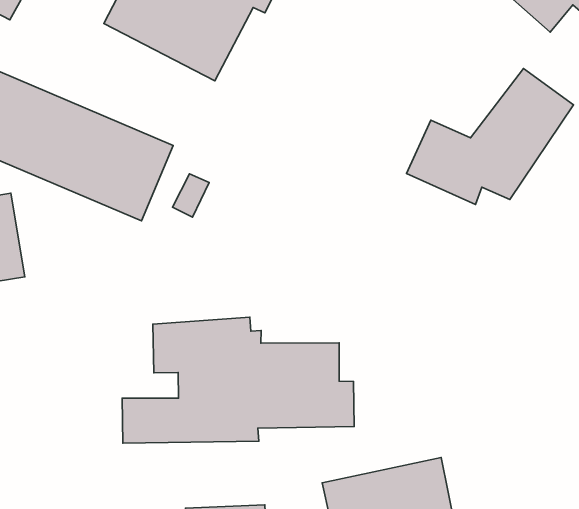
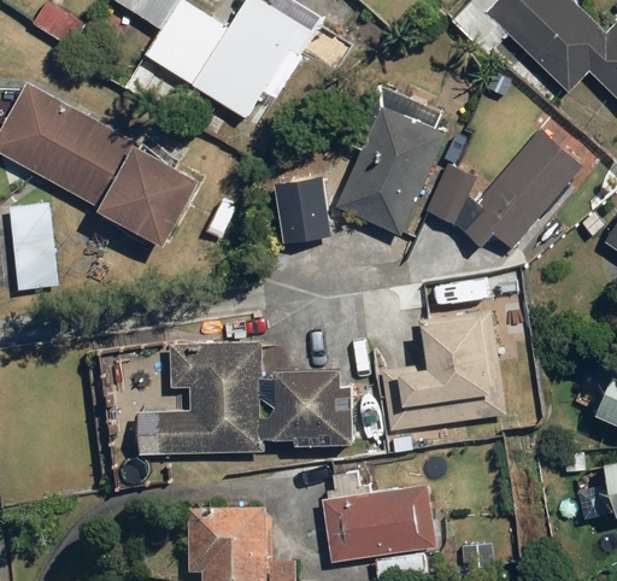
building: none -> [335,84,453,233]
building: none -> [272,180,328,243]
building: none -> [382,310,509,433]

